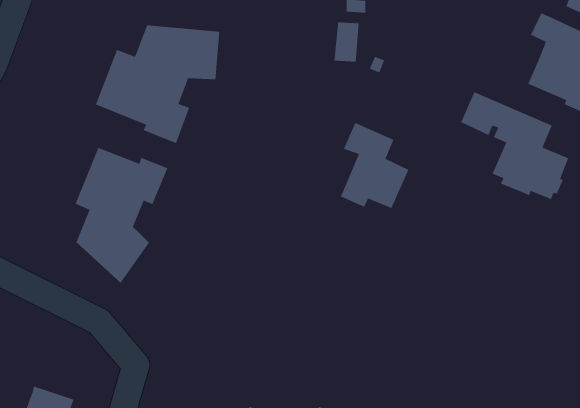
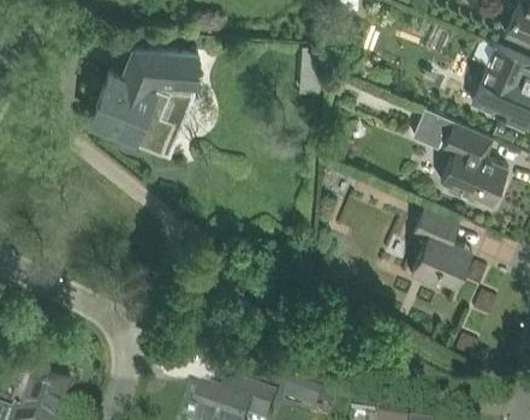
building: [340,122,410,209] -> [411,206,472,283]
building: [74,147,169,284] -> none

